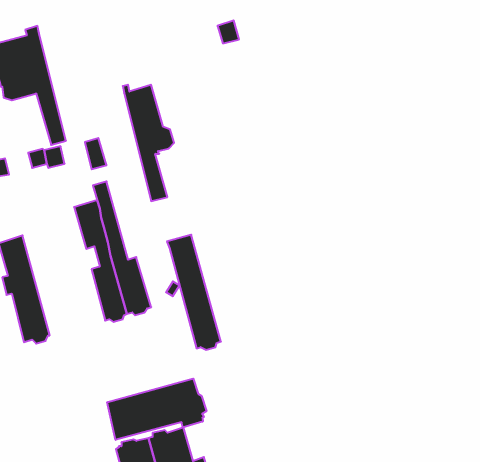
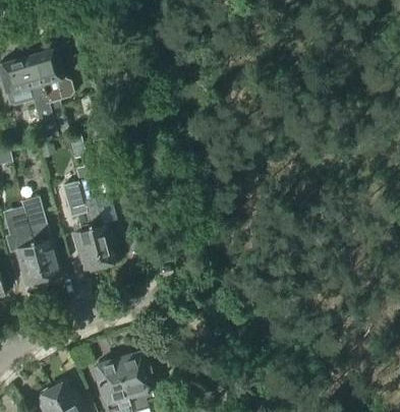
building: [123,85,174,201] -> [34,48,72,135]
building: [167,235,221,350] -> [20,196,61,283]
building: [107,379,206,440] -> none

